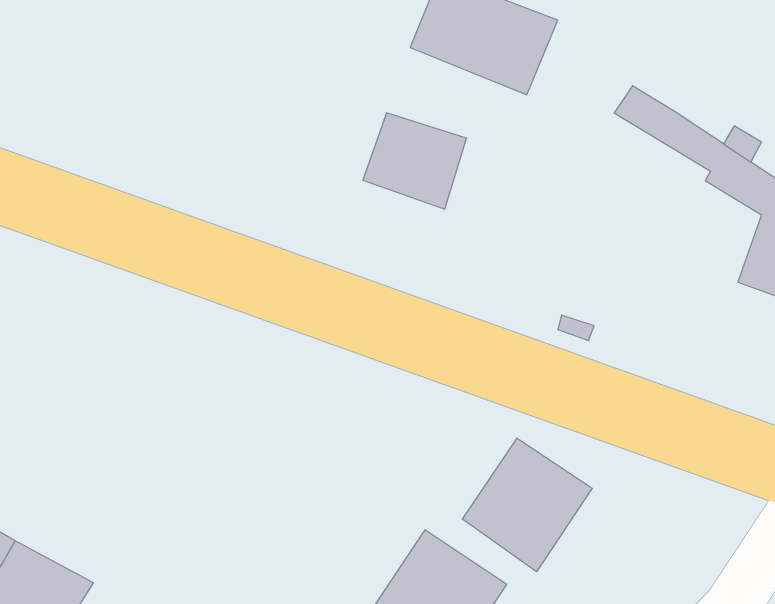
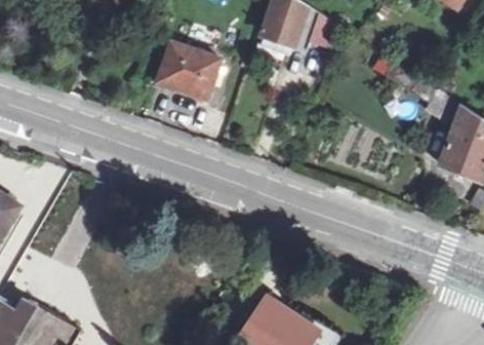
building: [363,113,467,209] -> [161,46,219,101]
building: [462,438,592,572] -> none

